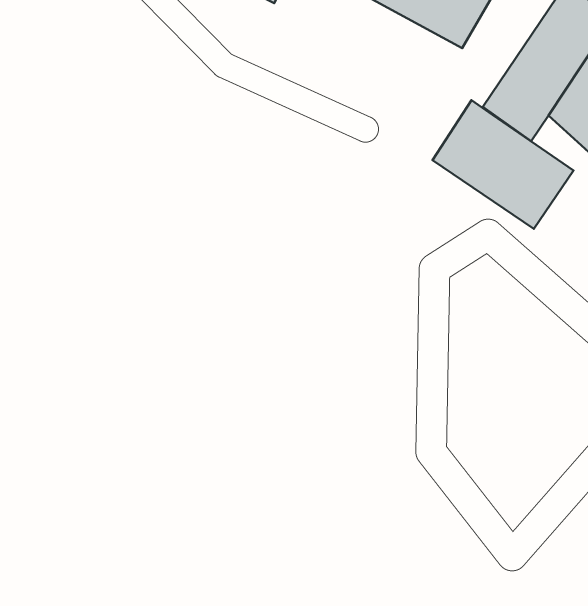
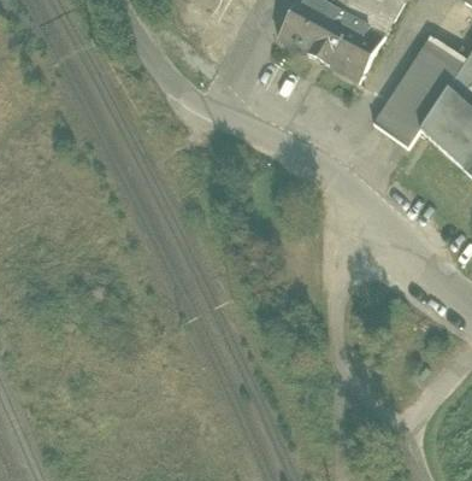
building: [432,100,573,229] -> none

